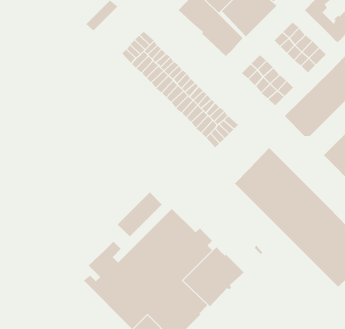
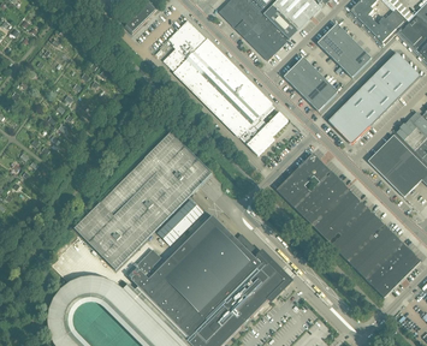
building: none -> [75,131,212,268]

